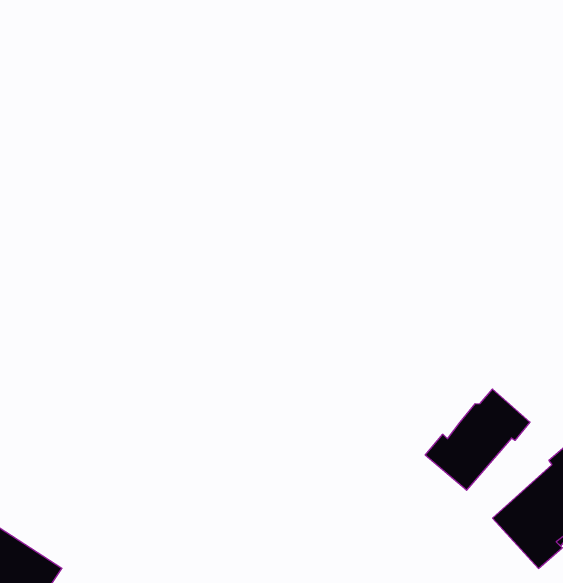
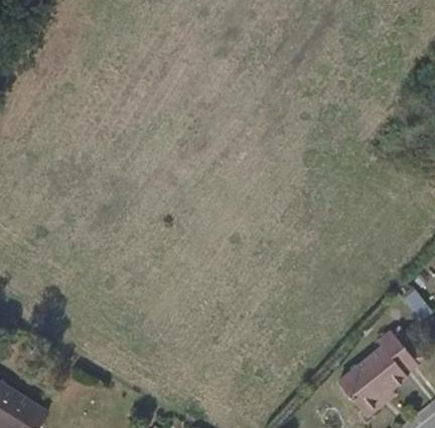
building: [425,389,530,490] -> none

